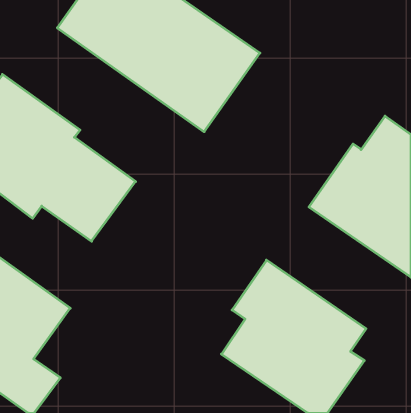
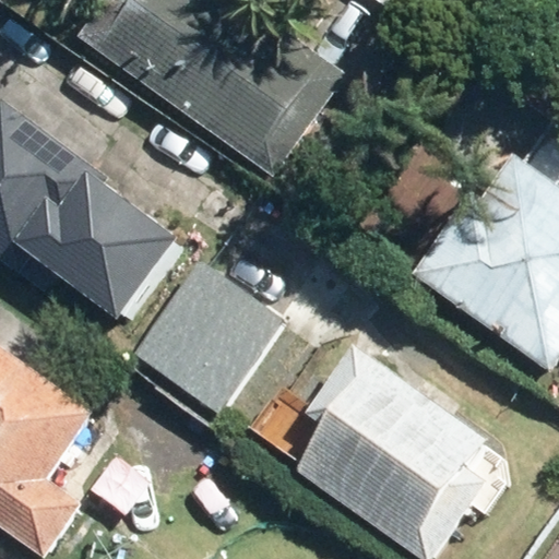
building: none -> [141,261,284,406]

